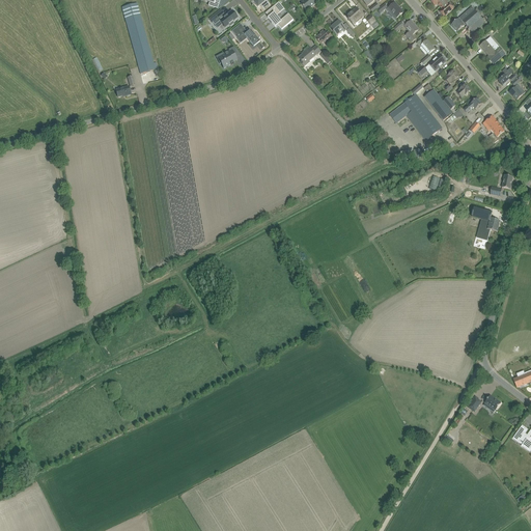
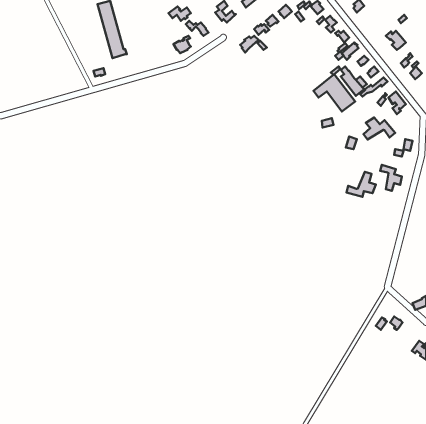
building: [451,5,485,31] -> none
building: none -> [363,117,395,140]
building: none -> [346,172,376,197]

